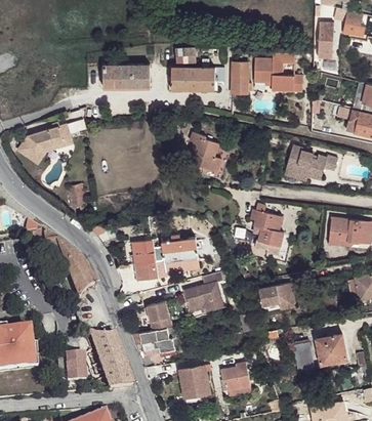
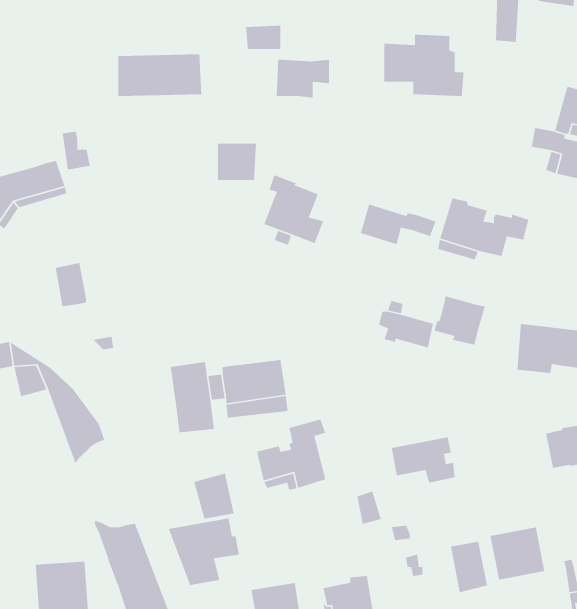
building: [232,62,247,94] -> none
building: [171,68,194,89] -> [217,143,257,181]
building: none -> [360,203,436,245]
building: [255,227,285,256] -> [434,295,486,346]

